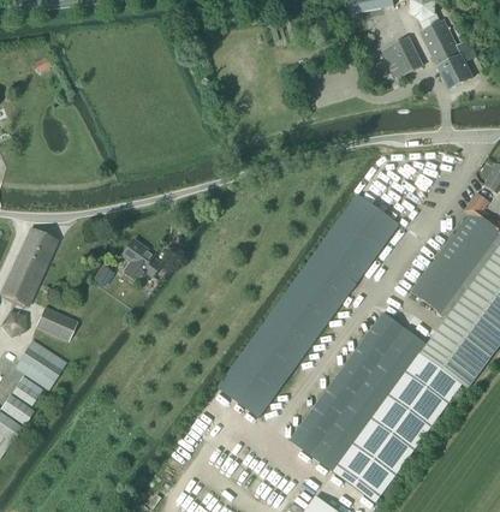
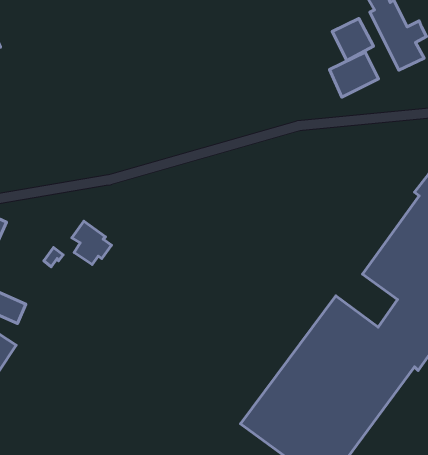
building: none -> [329,52,379,97]
building: [218,192,399,416] -> none

